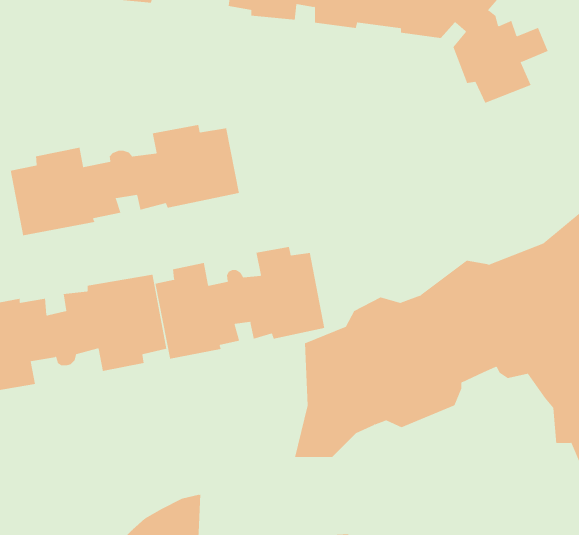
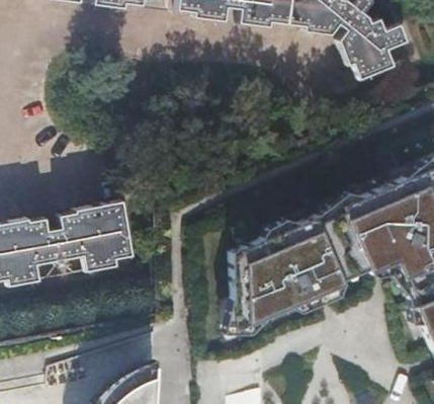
building: [10,124,240,236] -> none
building: [155,246,325,360] -> none

